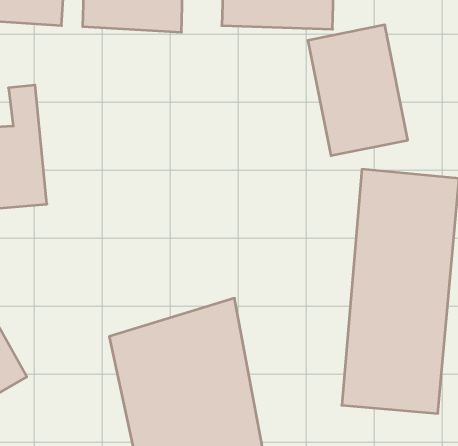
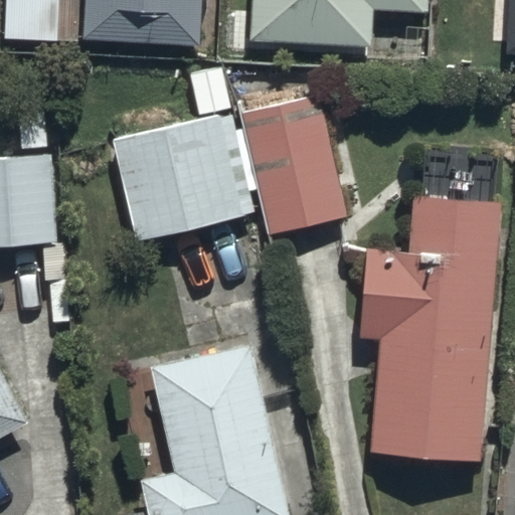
building: [308,25,408,156] -> [233,90,343,233]
building: none -> [108,65,247,234]

